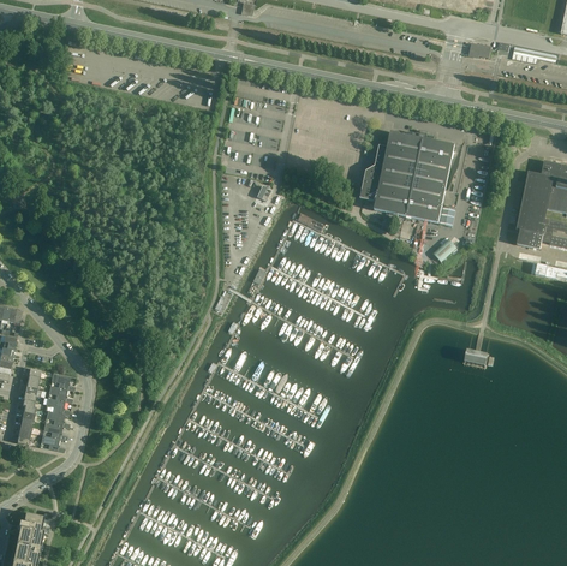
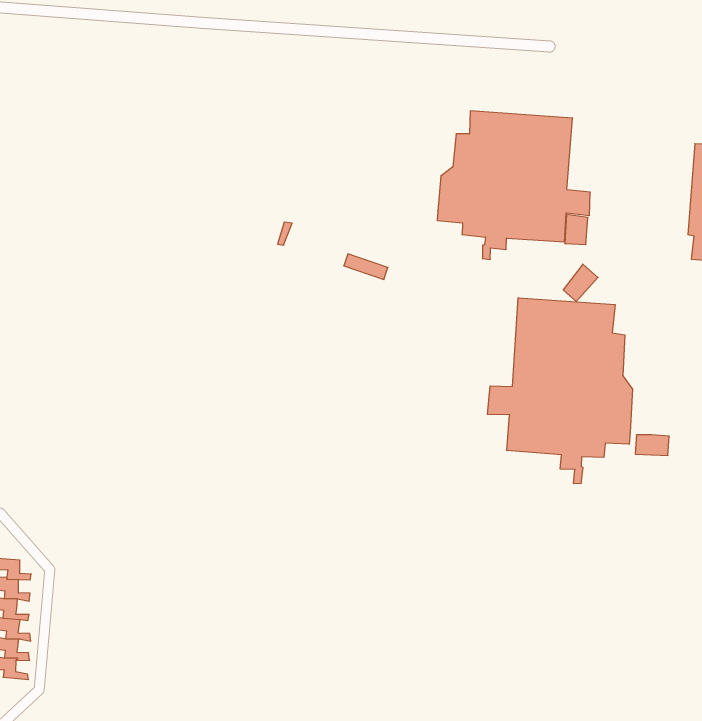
building: none -> [487,298,633,484]

